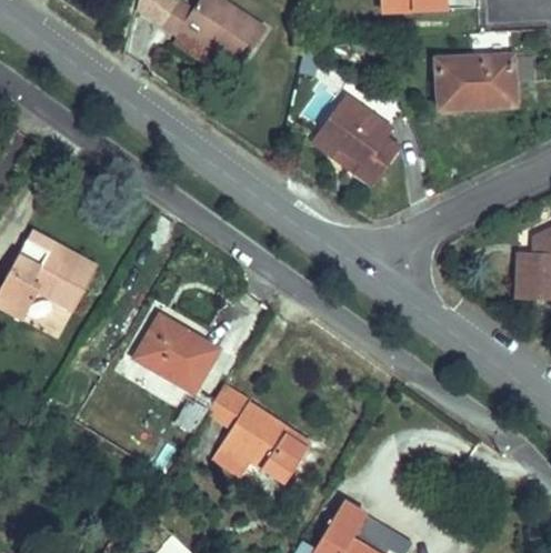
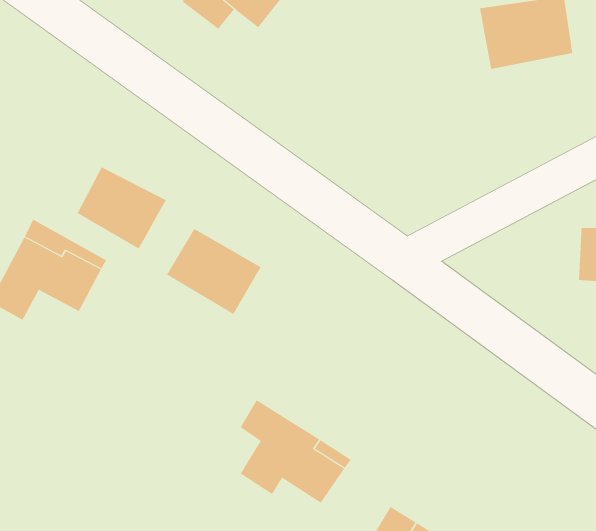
building: [308,92,391,175] -> none
building: none -> [77,167,167,250]
building: [134,319,219,395] -> [166,228,261,315]

